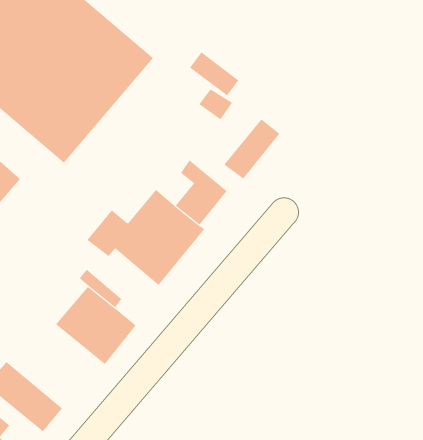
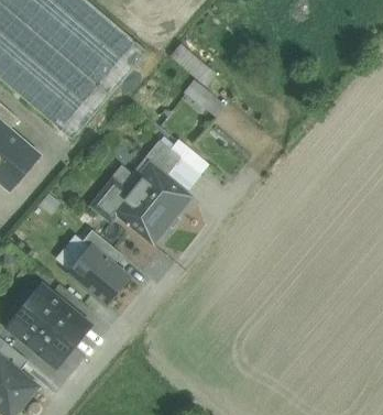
building: [224,118,280,179] -> none
building: none -> [143,139,180,176]
building: none -> [24,285,88,346]

